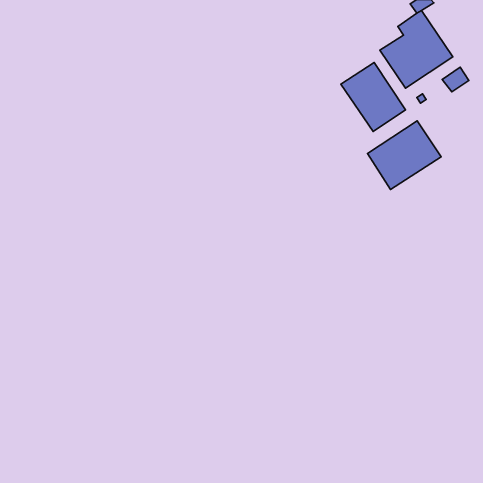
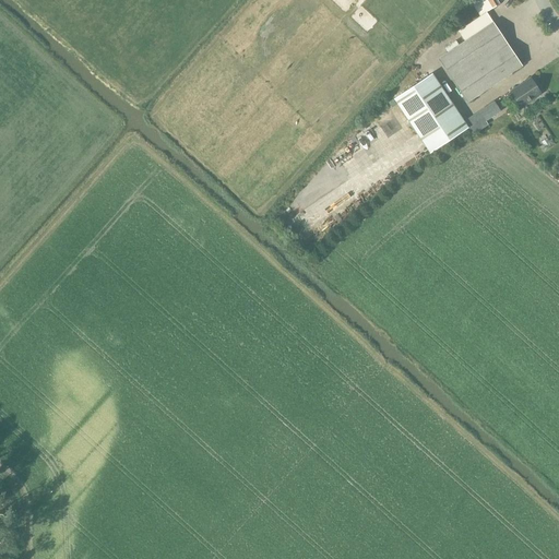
building: [367,121,441,189] -> none

